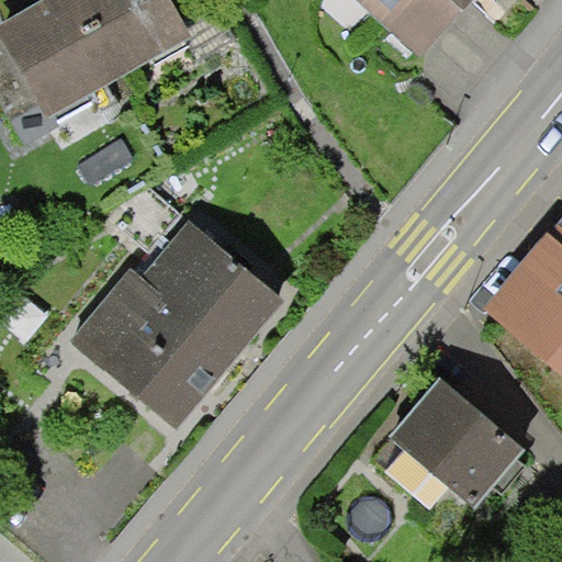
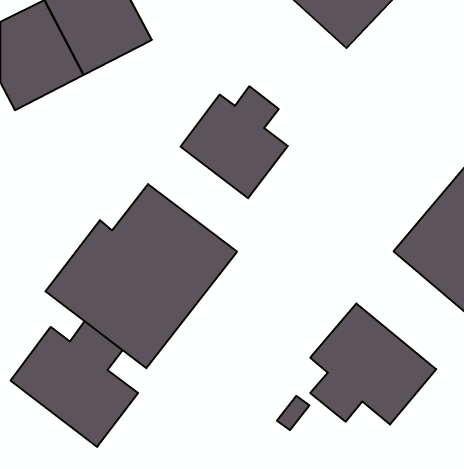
building: none -> [181,86,288,198]
building: none -> [11,321,138,447]

